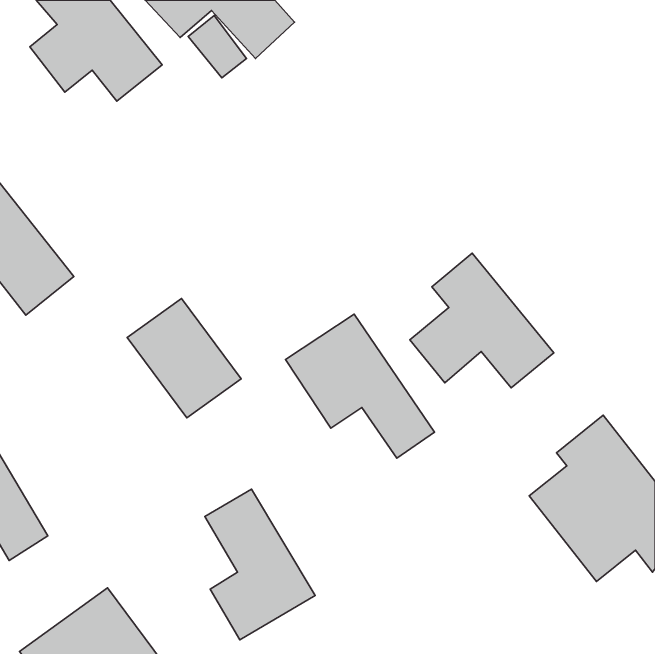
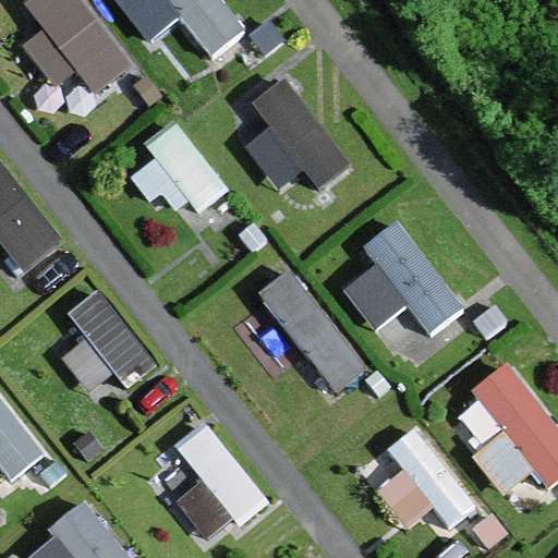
building: none -> [244,78,350,189]
building: none -> [128,130,220,222]
building: [127,298,241,418] -> [51,289,147,389]
building: none -> [359,422,477,534]

